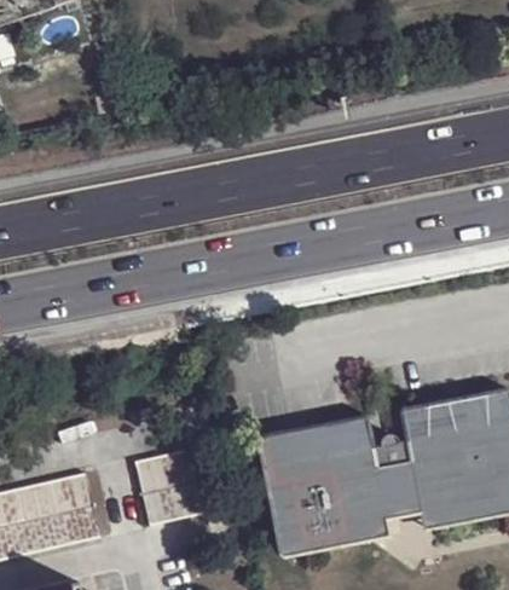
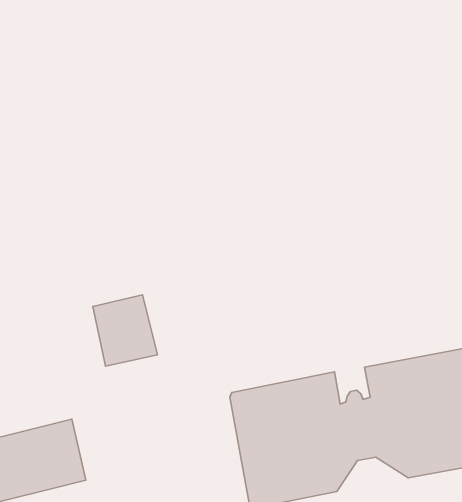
building: [140,444,208,519] -> [93,295,157,366]

